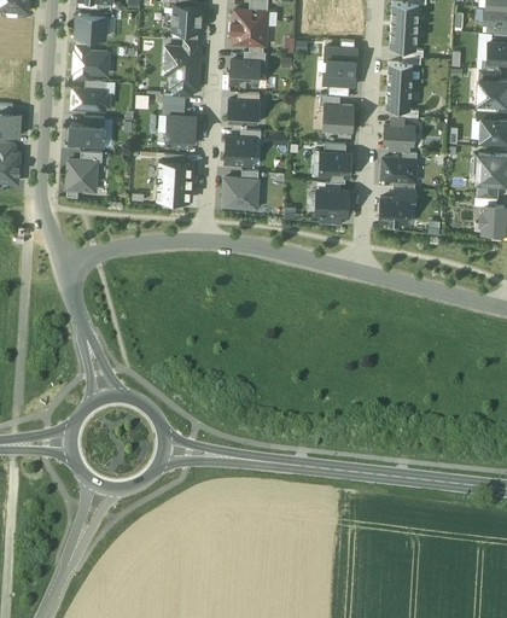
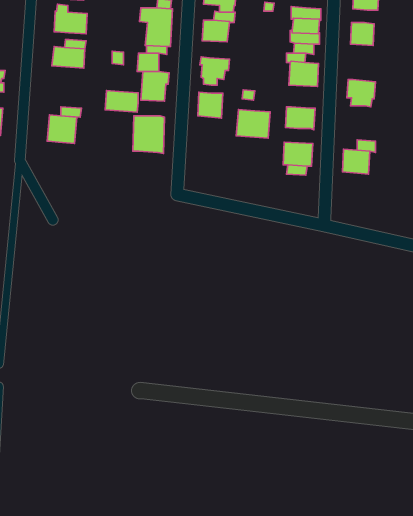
building: [386,84,412,109] -> none
building: [69,122,104,145] -> [105,90,138,112]
building: [381,157,416,180] -> none
building: [222,176,258,206] -> [236,110,270,138]

